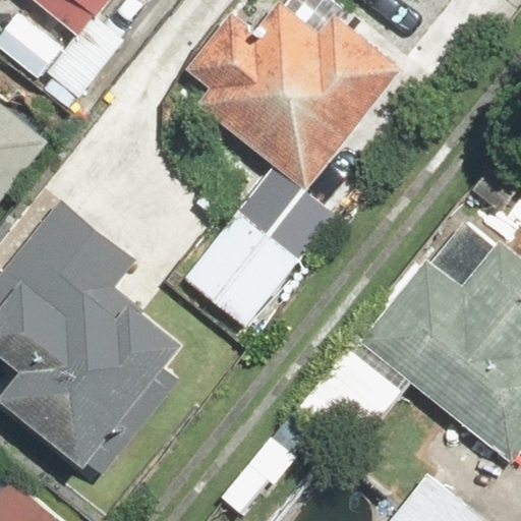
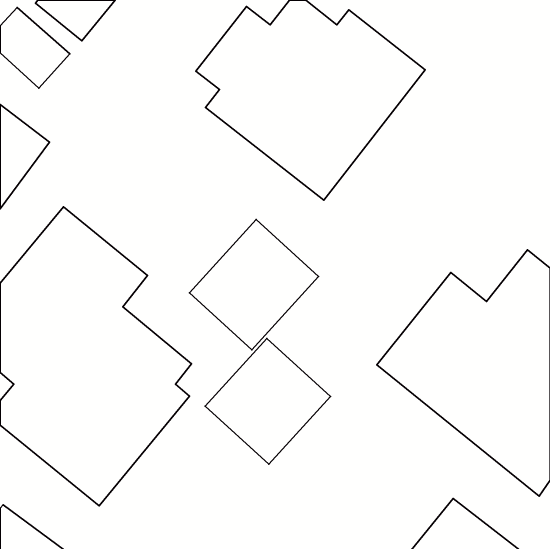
building: none -> [205,339,330,464]

